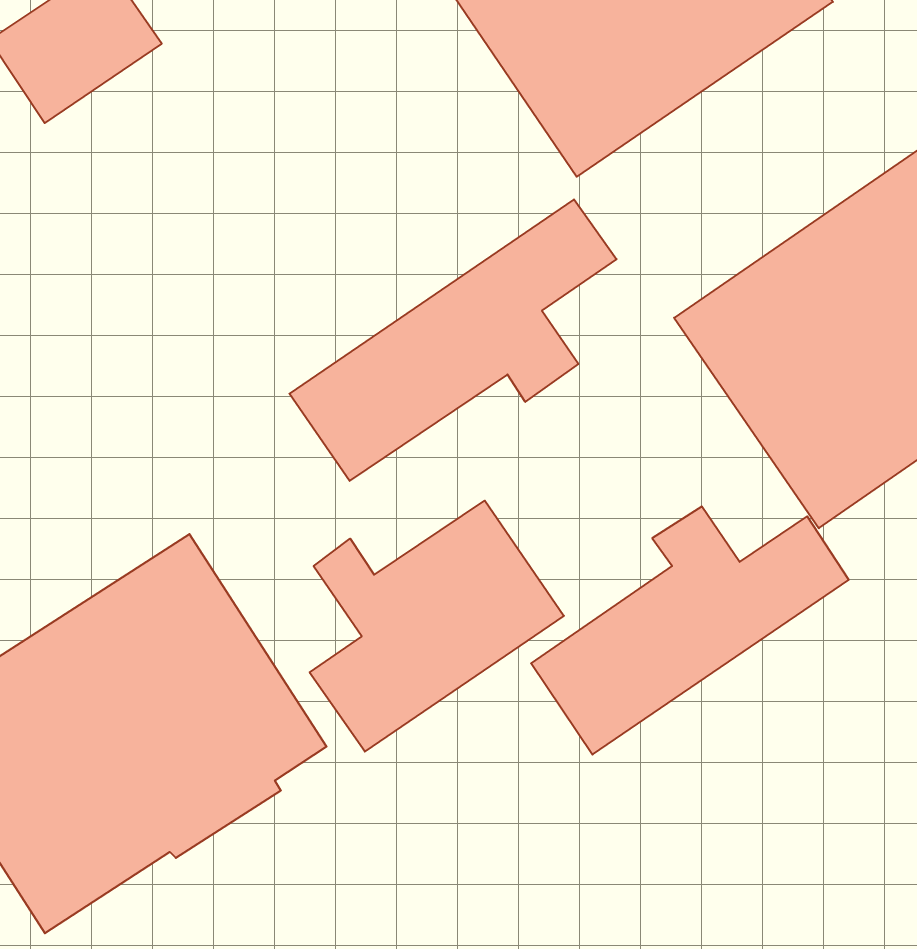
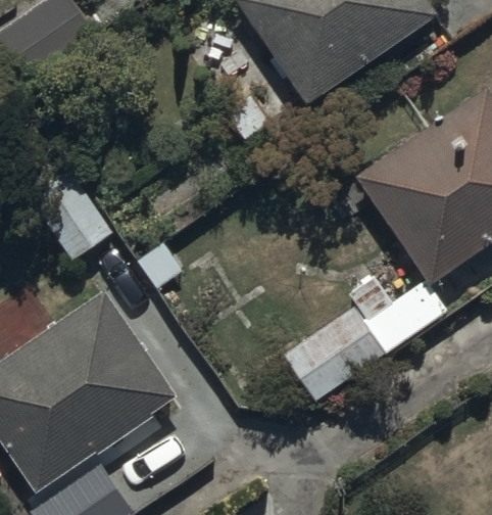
building: [289,199,617,481] -> none
building: [310,501,564,752] -> none

